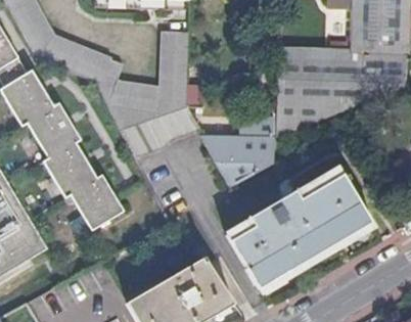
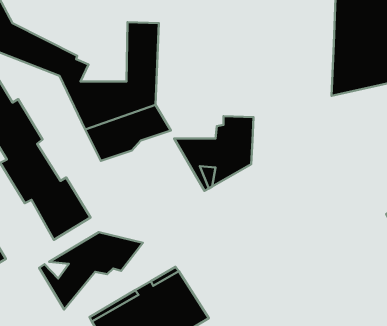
building: [274,49,349,140] -> none
building: [227,168,372,287] -> none
building: none -> [39,232,143,310]

